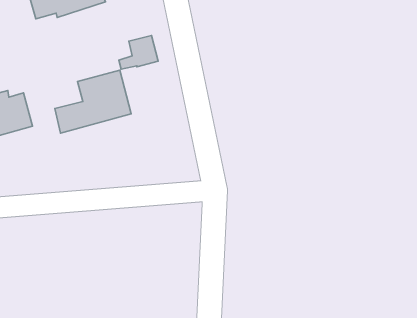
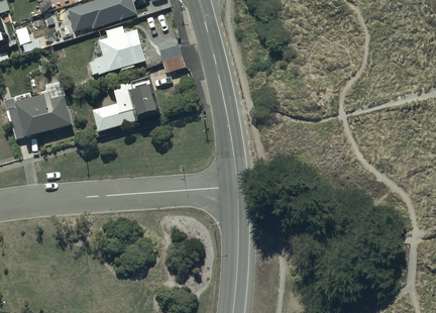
building: none -> [87,26,142,74]

